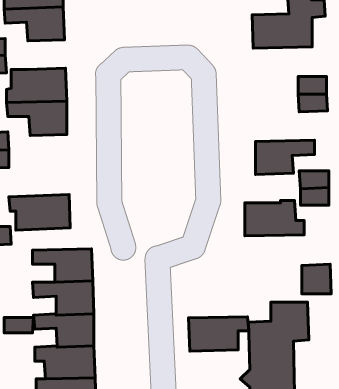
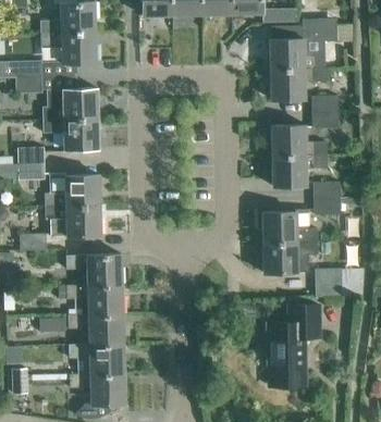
building: none -> [270,69,325,100]
building: none -> [271,125,327,156]
building: none -> [45,173,100,207]
building: [189,317,249,351] -> [262,241,318,273]

